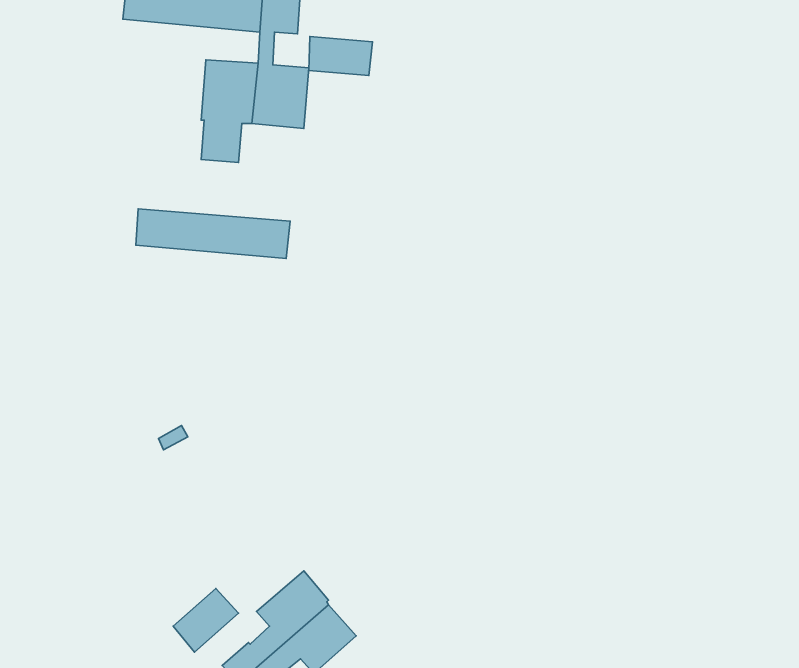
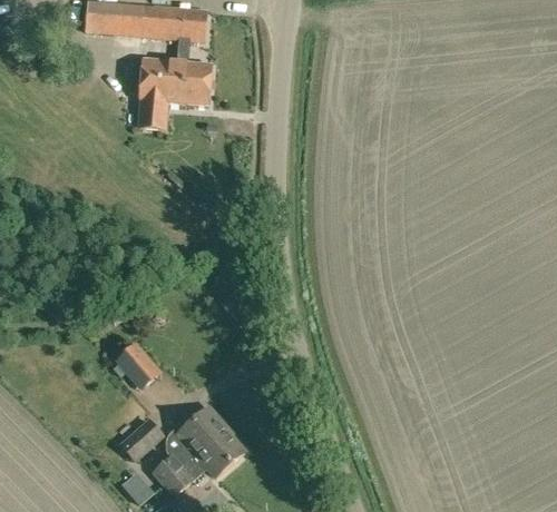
building: [309,37,373,75] -> none
building: [136,209,290,258] -> none
building: none -> [115,343,162,391]

